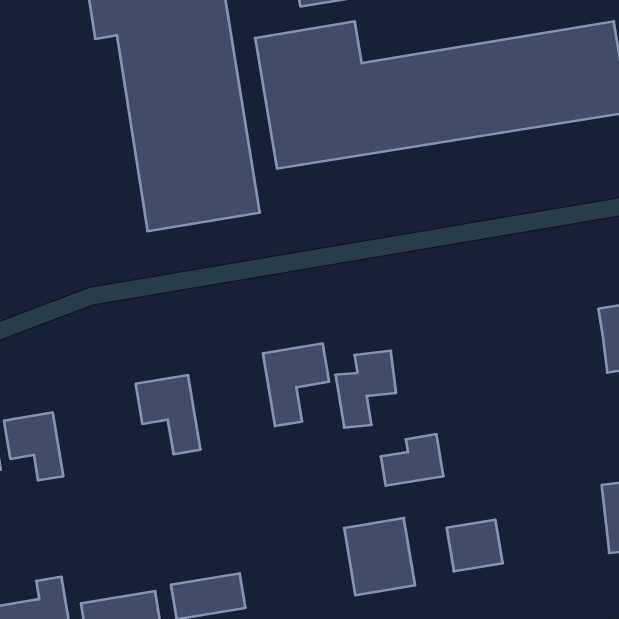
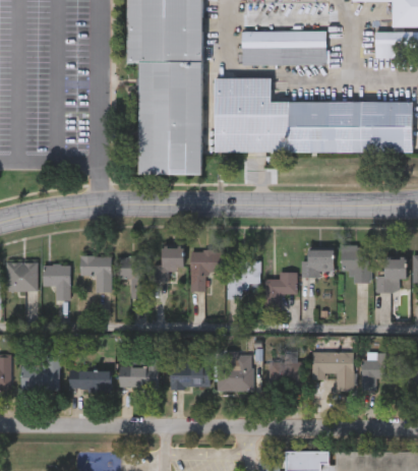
building: none -> [341,246,369,283]
building: none -> [301,250,333,278]
building: none -> [155,250,182,282]
building: none -> [79,256,111,292]
building: [381,434,444,486] -> [264,273,297,296]
building: none -> [311,353,352,393]
building: none -> [170,367,210,390]

